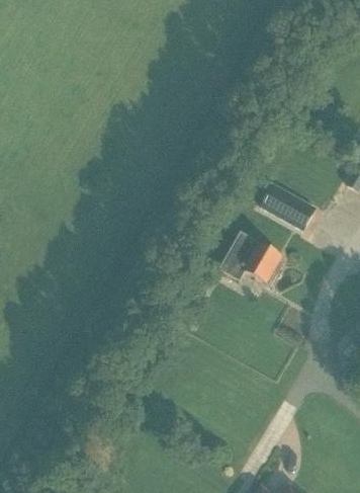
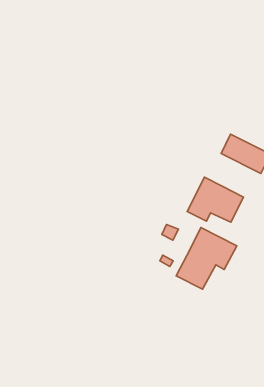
building: none -> [176,227,237,289]

